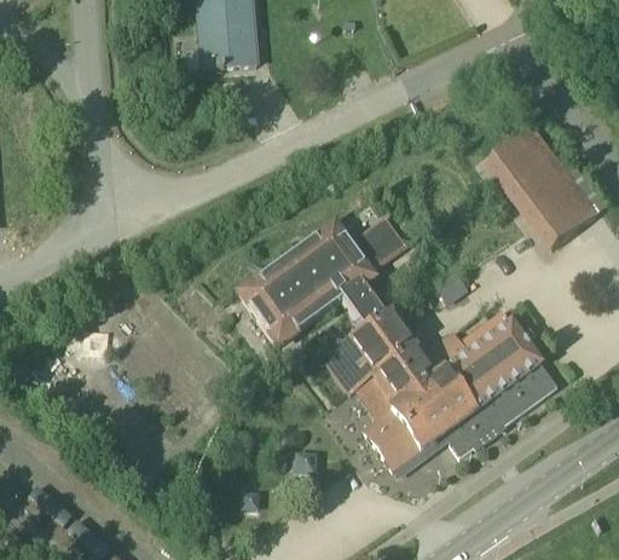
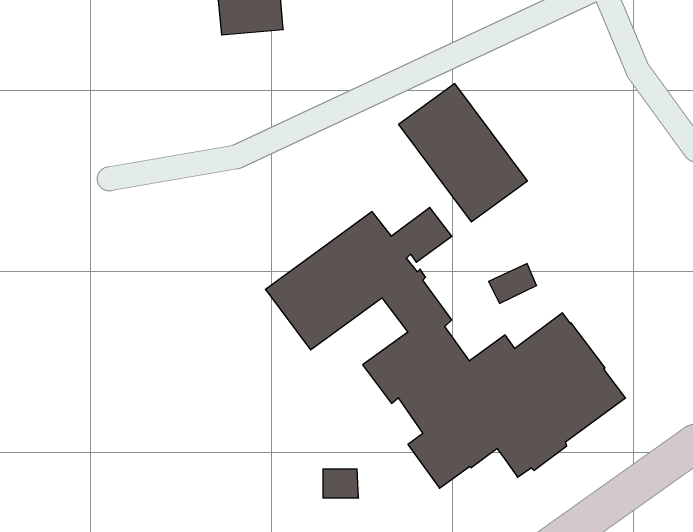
building: [484,126,597,248] -> [399,84,527,222]

